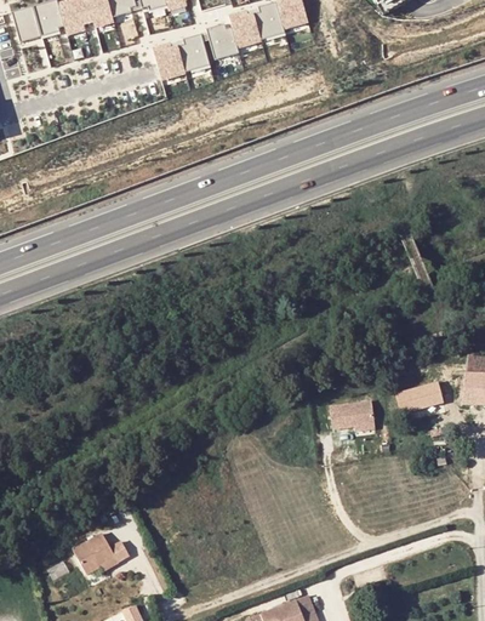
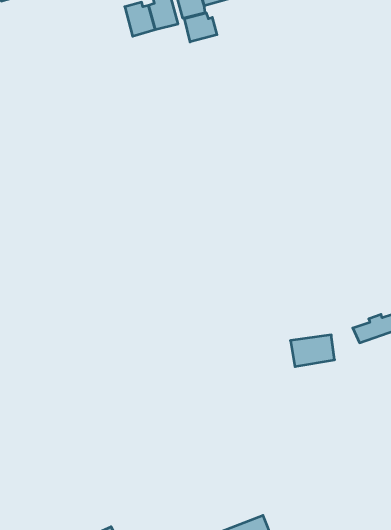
building: none -> [184,13,217,42]
building: [73,532,132,576] -> none

